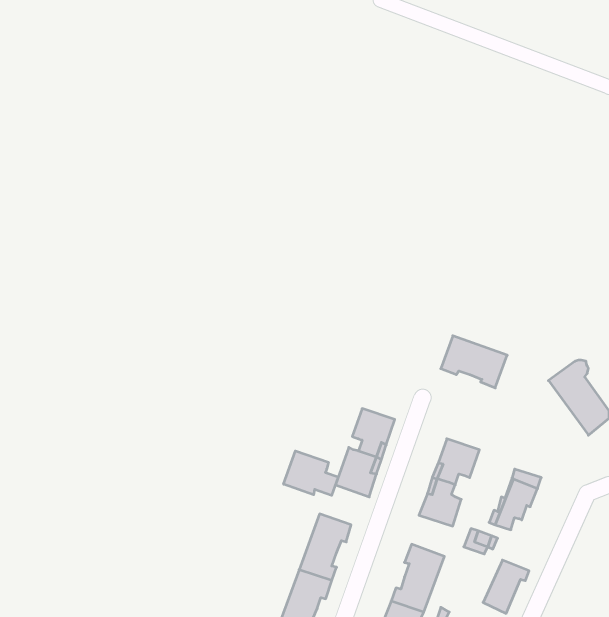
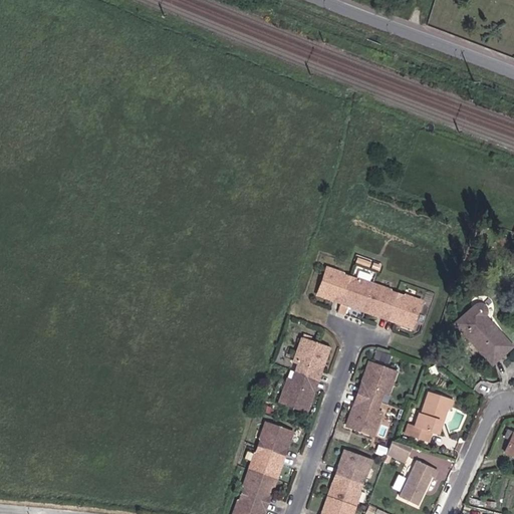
building: none -> [320,264,375,307]
building: [284,451,338,495] -> none

